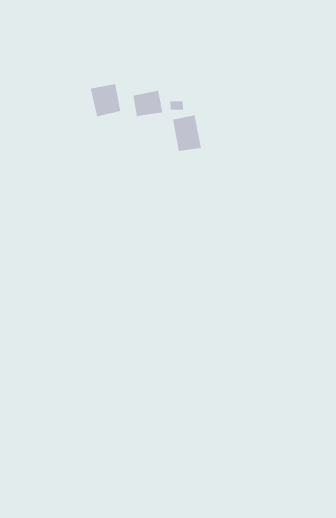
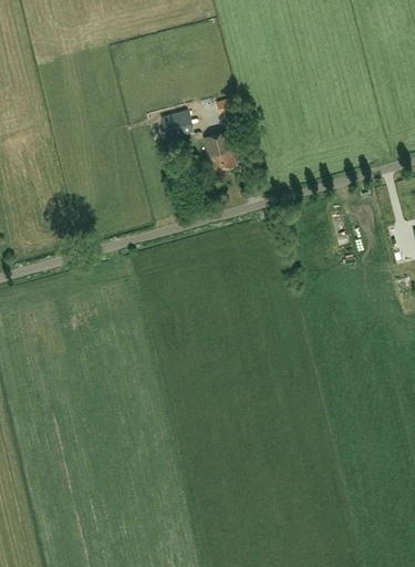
building: [90,83,121,117] -> none

